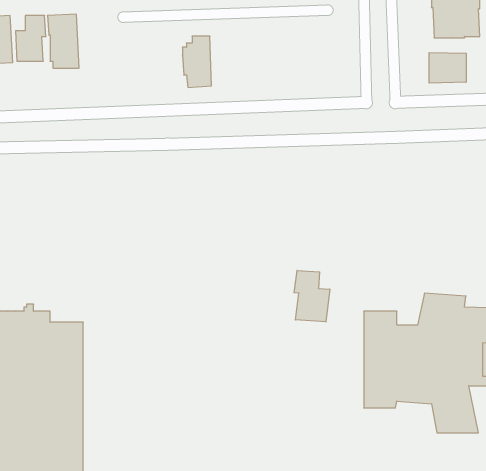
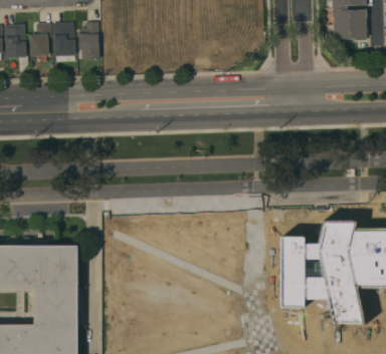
building: [182,36,211,87] -> [78,21,100,58]
building: [429,53,466,83] -> none
building: [294,270,330,322] -> none

